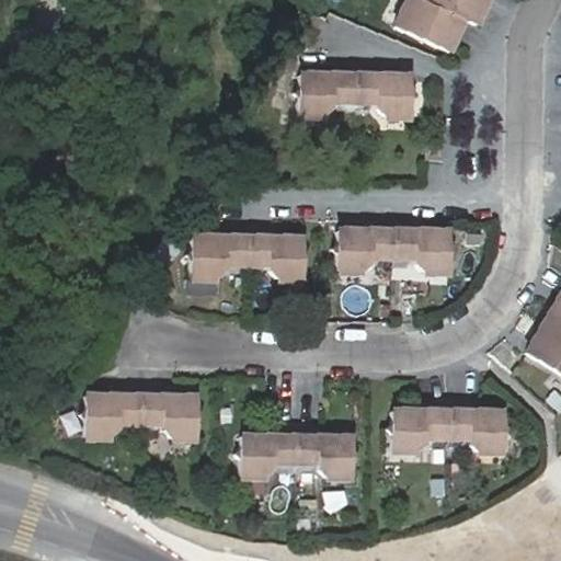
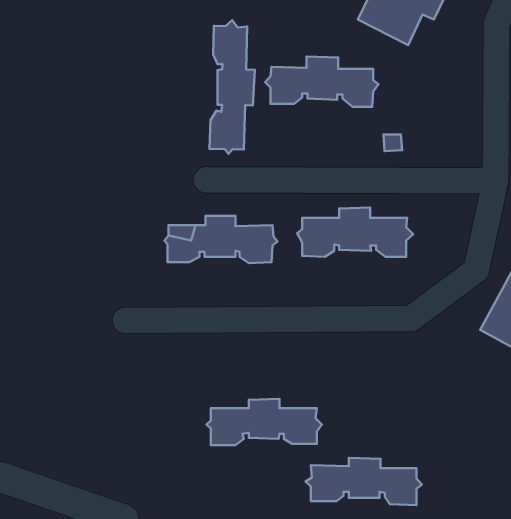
building: none -> [210,20,255,154]
building: [82,386,204,438] -> none
building: [383,400,507,450] -> [306,458,422,505]

